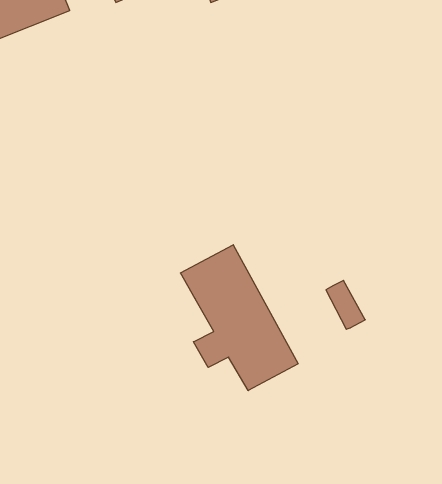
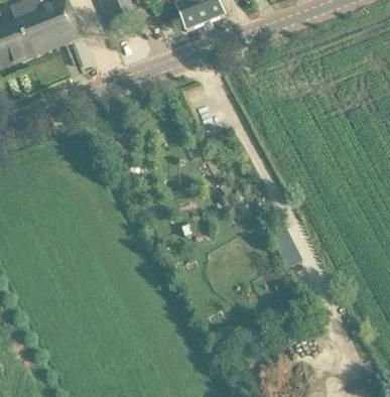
building: [180,245,298,391] -> none

